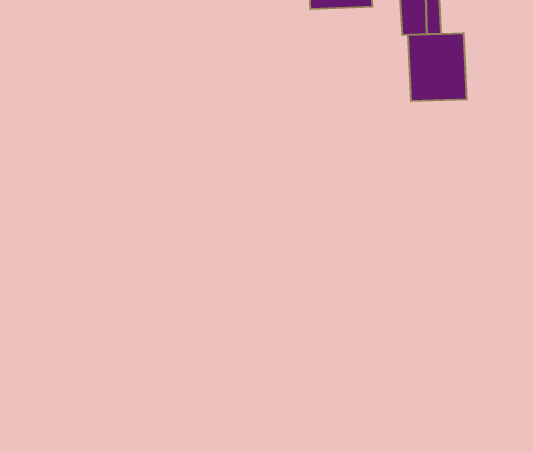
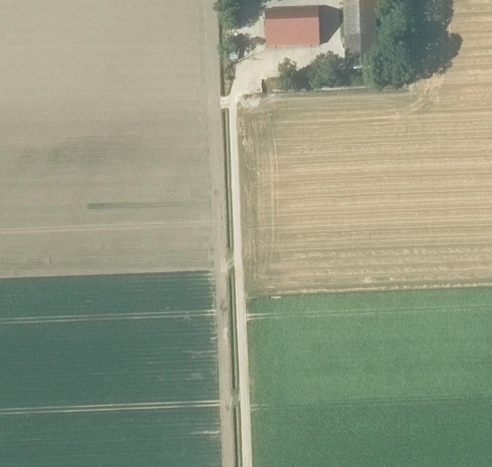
building: [408,33,467,101] -> none

